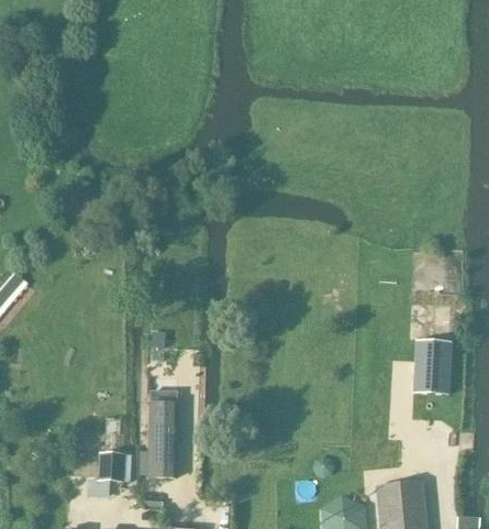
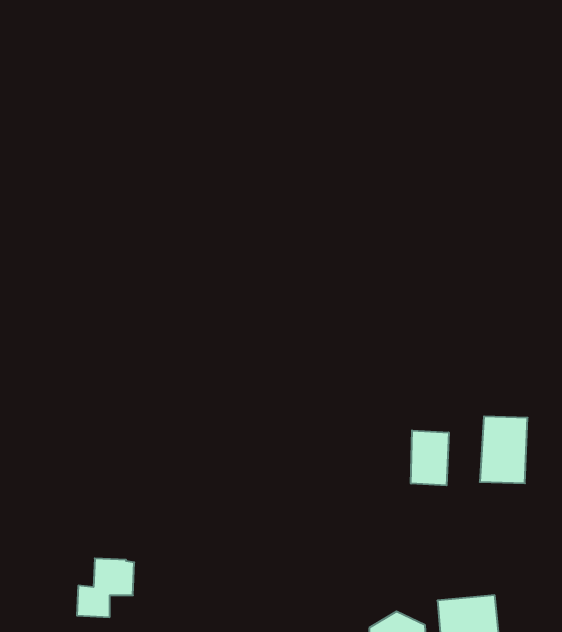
building: none -> [411,430,449,485]
building: [147,404,180,481] -> none

